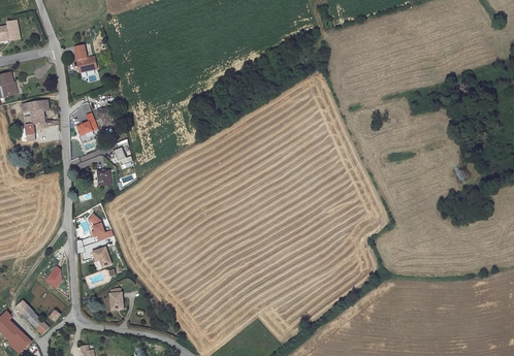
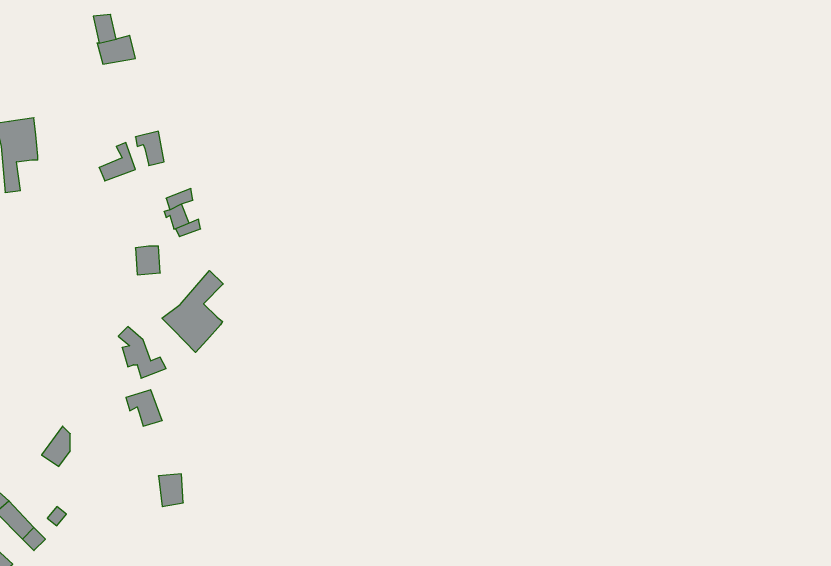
building: none -> [162,271,223,352]

